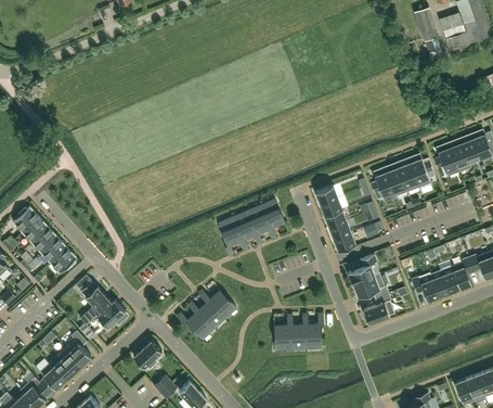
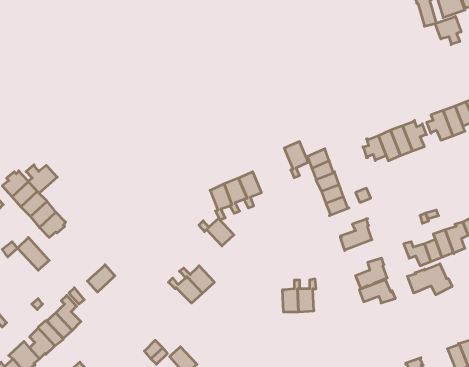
building: none -> [435,16,461,45]
building: none -> [26,165,57,193]
building: [261,201,285,237] -> [284,142,308,178]
building: [353,275,389,297] -> [359,280,395,303]
building: [80,280,112,313] -> [17,237,49,270]
building: [200,290,235,317] -> [199,219,234,246]
building: none -> [407,264,452,295]
building: [274,316,293,347] -> none
building: [133,340,161,368] -> none

